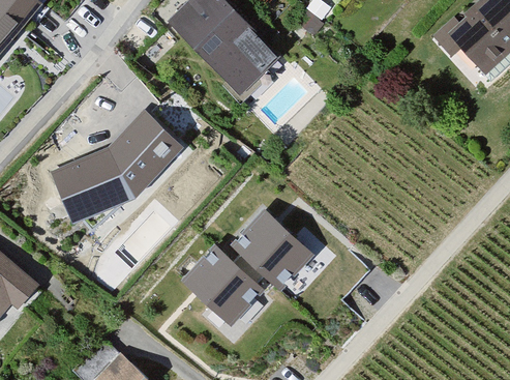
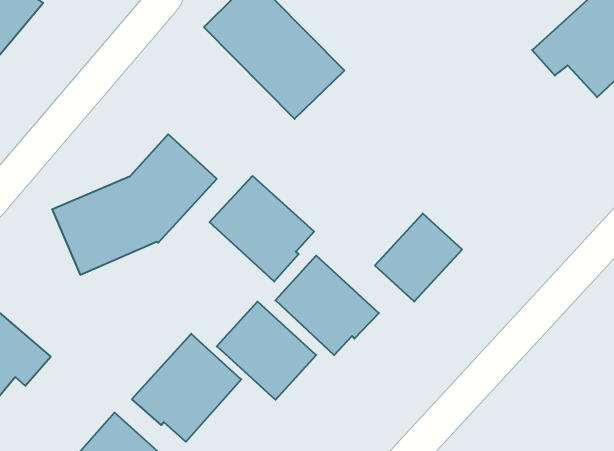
building: none -> [210,176,314,282]
building: none -> [375,213,462,302]
building: none -> [132,334,241,442]

